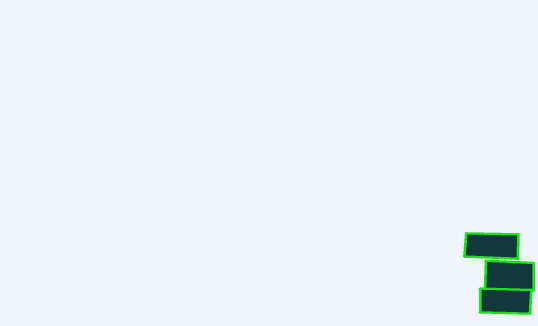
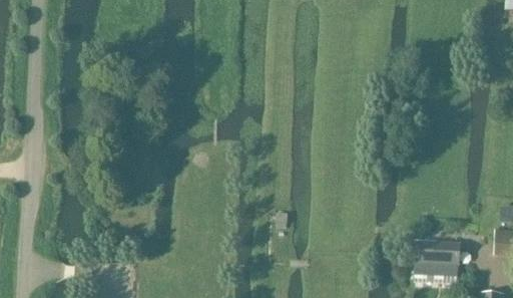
building: [465,233,518,259] -> none

